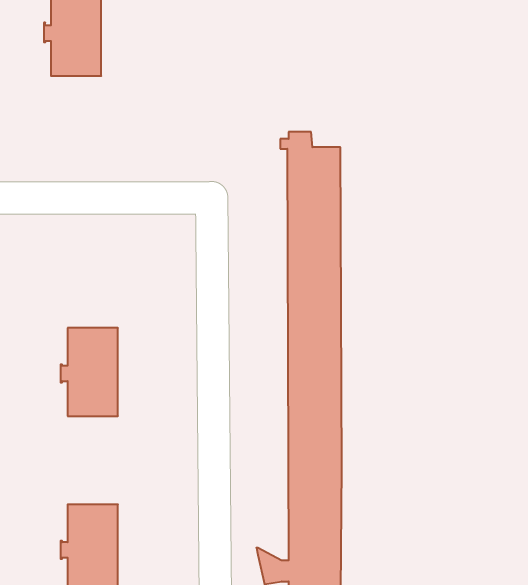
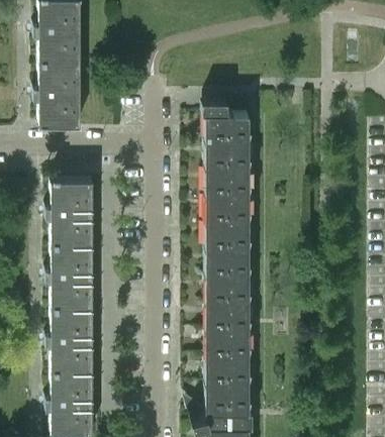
building: none -> [33,64,80,129]
building: none -> [45,181,92,245]
building: none -> [45,309,87,372]

